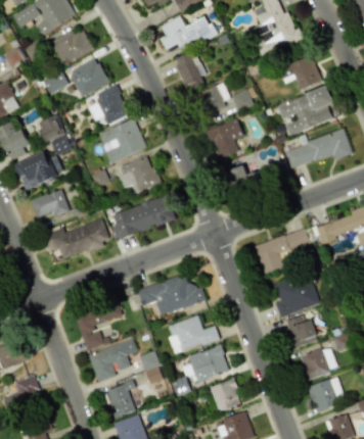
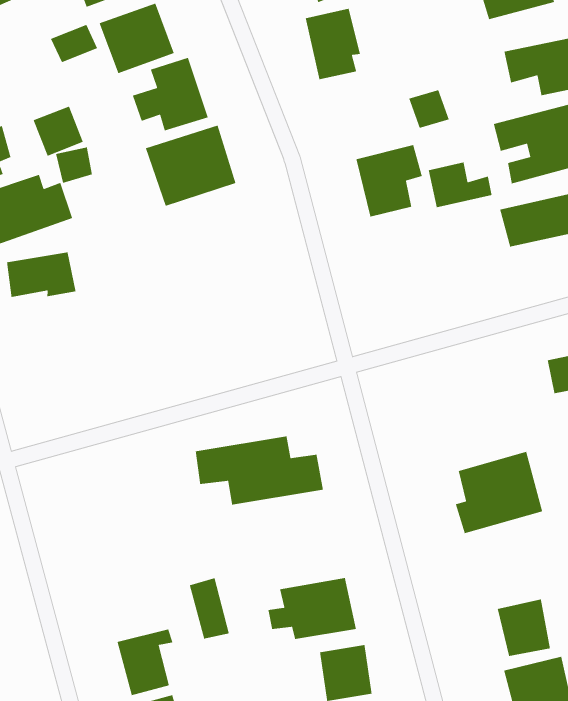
building: [197,82,231,114] -> none
building: [116,154,160,193] -> none
building: [225,164,260,190] -> [428,161,493,208]
building: [111,196,175,237] -> none
building: [44,218,110,258] -> none
building: [255,228,310,273] -> none
building: [74,298,122,350] -> none
building: [168,314,219,353] -> none
building: [284,314,318,348] -> none
building: [88,338,137,381] -> none

